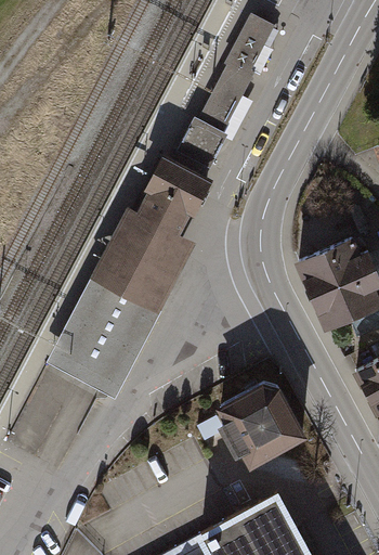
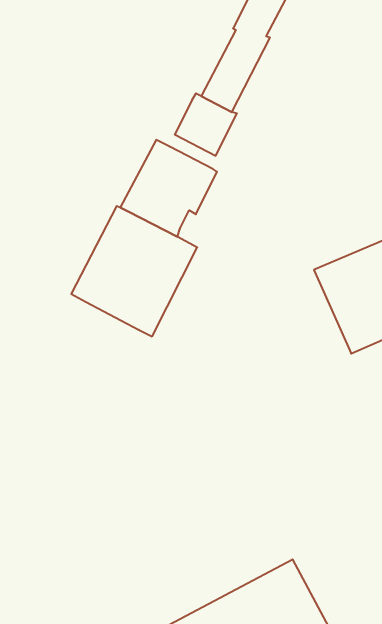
building: [49,280,158,398] -> none
building: [217,379,308,466] -> none

